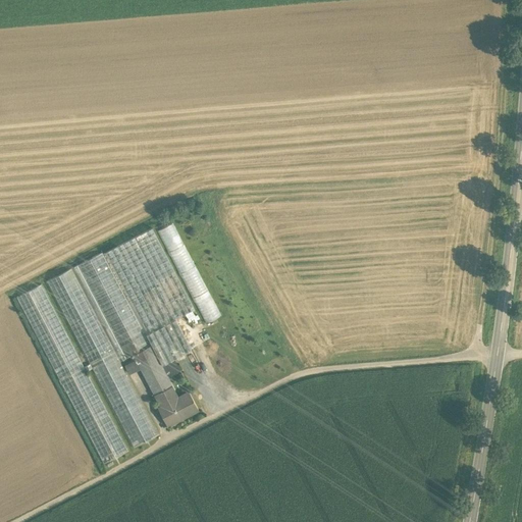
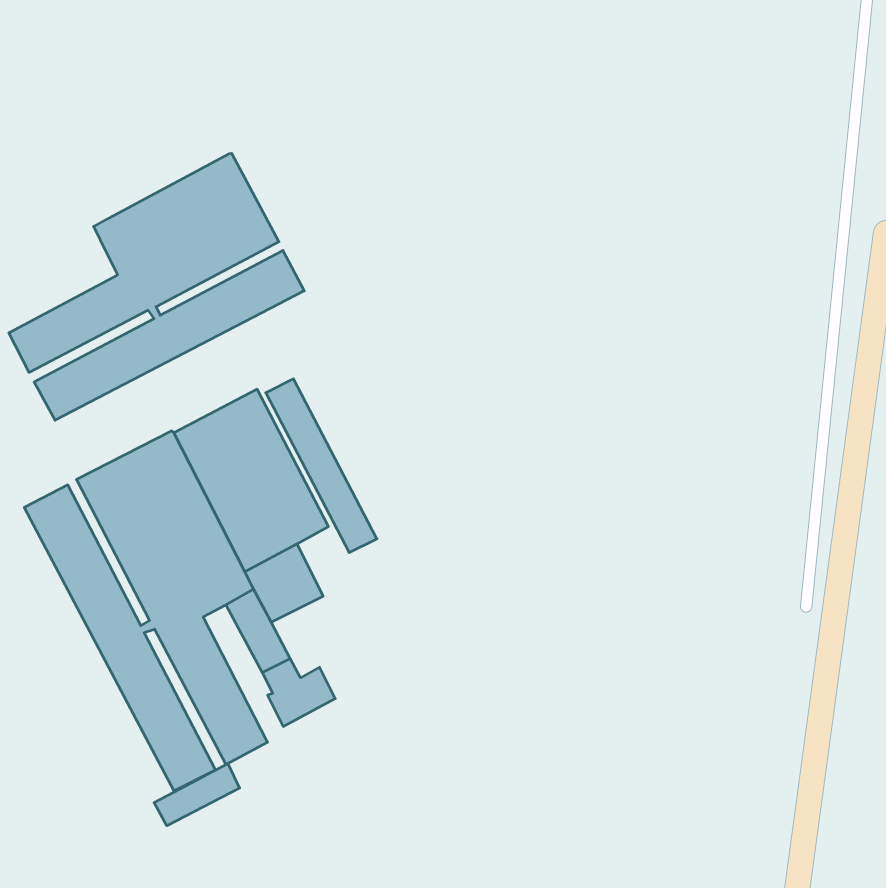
building: none -> [9,153,304,420]
building: none -> [154,764,240,826]

